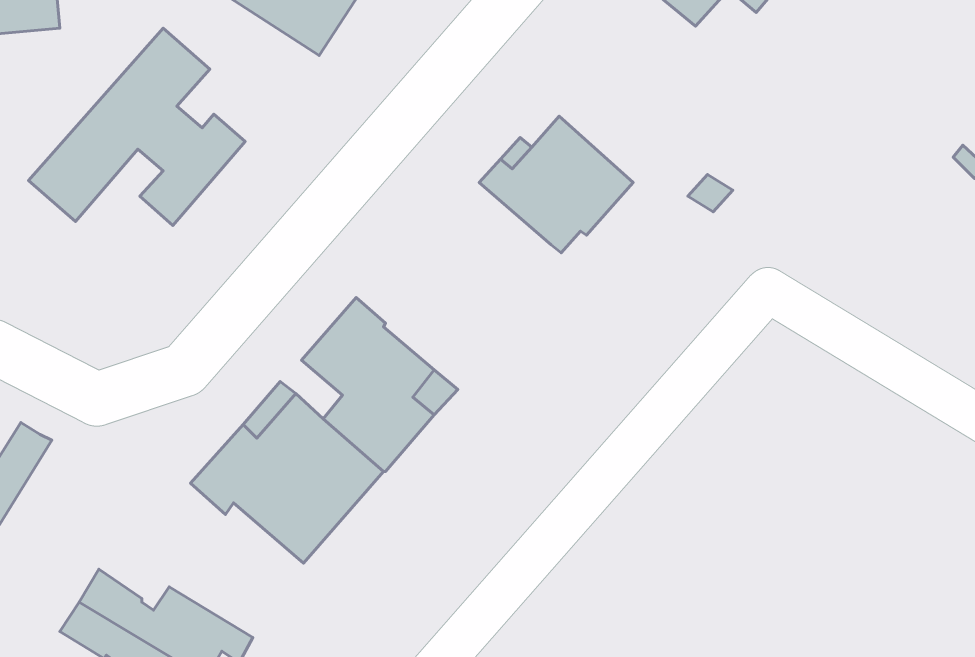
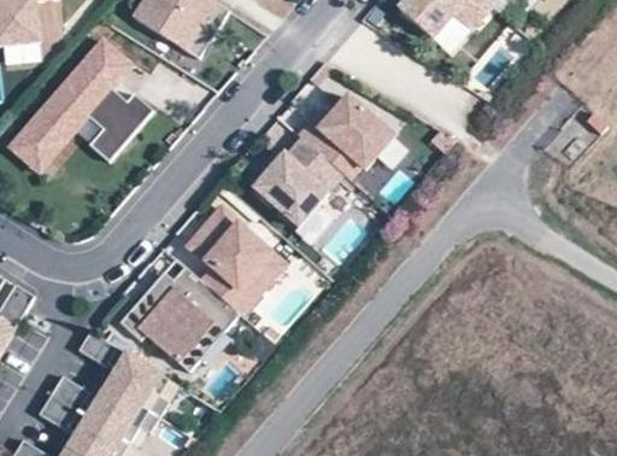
building: none -> [6,115,101,179]
building: none -> [251,135,341,226]
building: none -> [77,329,166,416]

